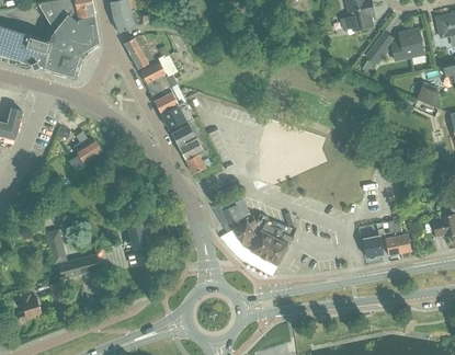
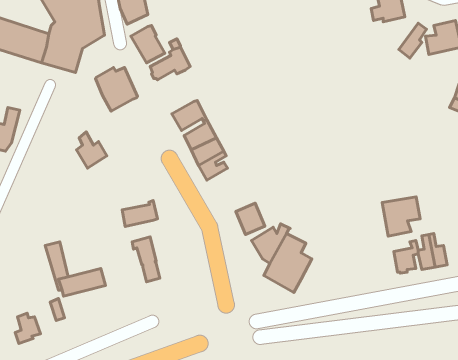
building: [146,73,184,113] -> [95,68,138,111]
building: none -> [382,197,420,236]
building: none -> [122,201,158,226]

